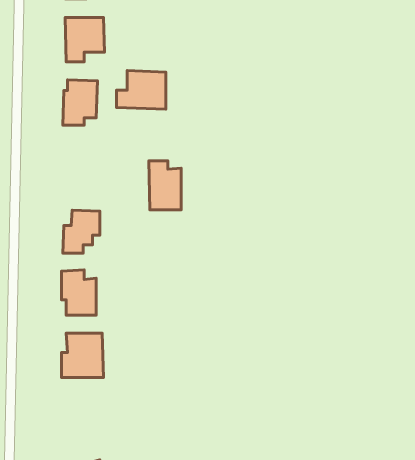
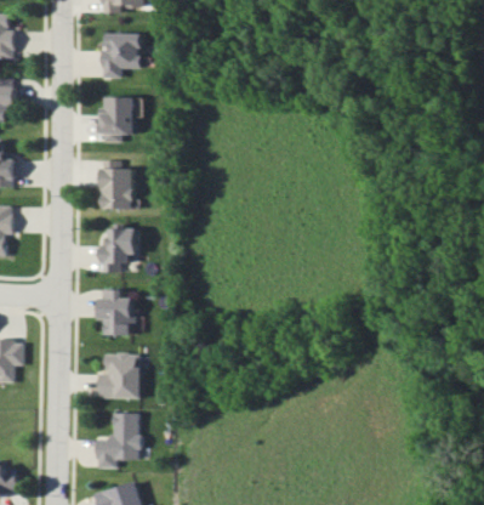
building: [116,71,166,109] -> none
building: [149,161,181,210] -> [101,160,133,210]
building: none -> [96,413,141,467]

